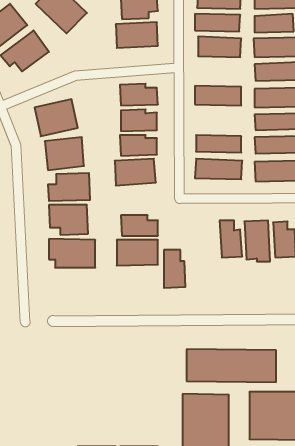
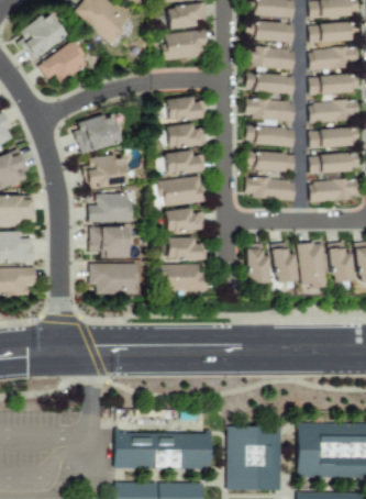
building: none -> [246,74,295,92]
building: none -> [246,125,296,146]
building: none -> [166,209,204,232]
building: [164,250,185,288] -> [246,243,269,284]
building: [187,349,276,382] -> [120,434,215,469]

